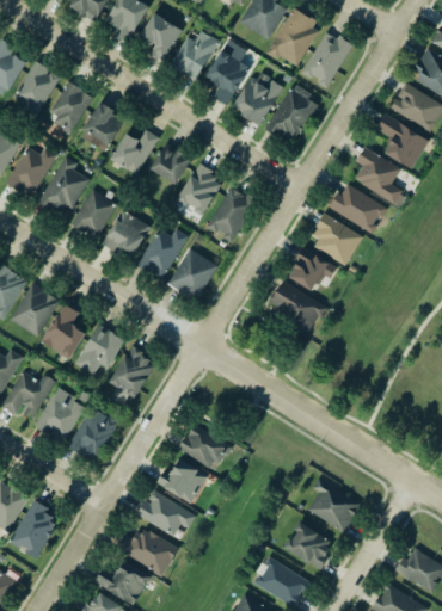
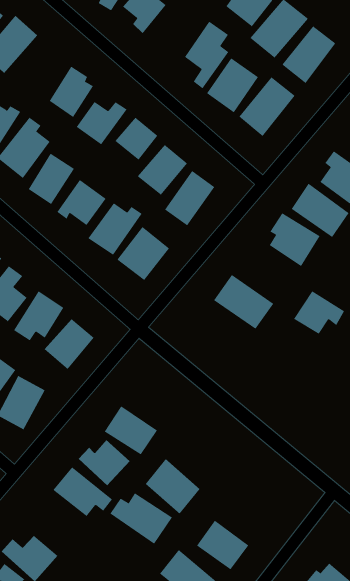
building: [168,30,219,81] -> none
building: [47,80,92,131] -> none
building: [288,248,337,290] -> [293,290,345,335]
building: [305,480,360,532] -> [145,458,201,514]
building: [116,527,178,575] -> [109,492,173,544]

